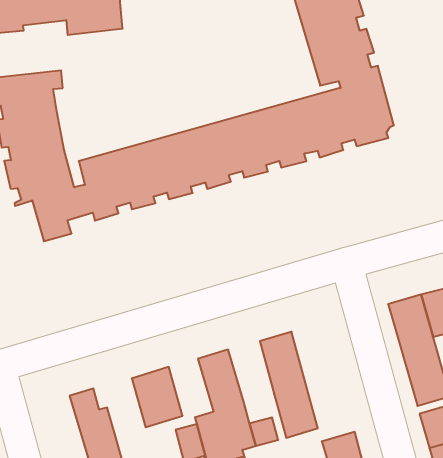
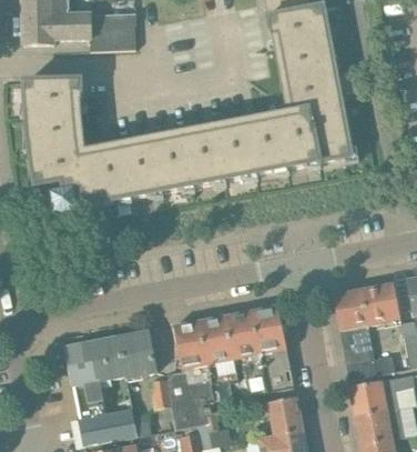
building: none -> [252,304,294,391]
building: none -> [199,315,233,364]
building: none -> [85,337,125,382]

